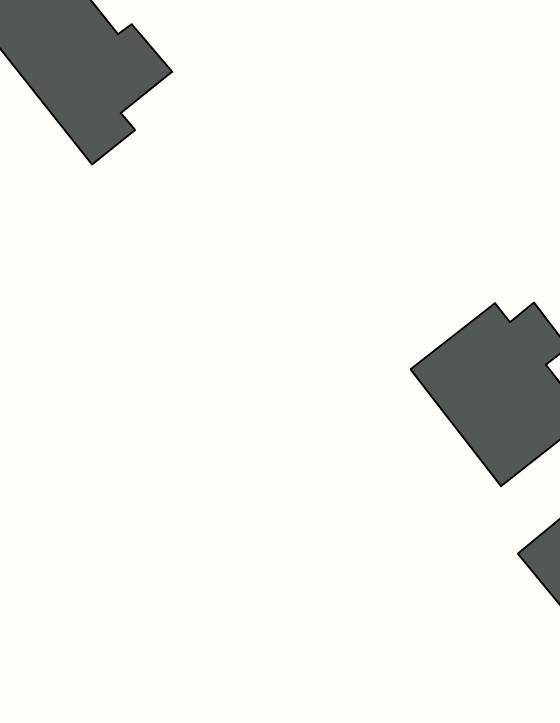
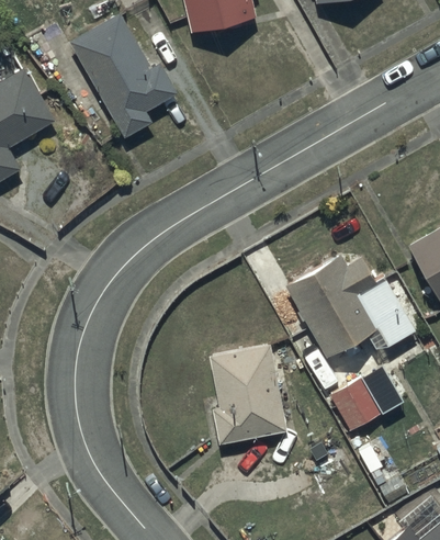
building: none -> [210,345,287,445]

